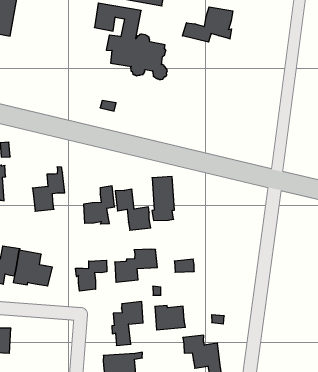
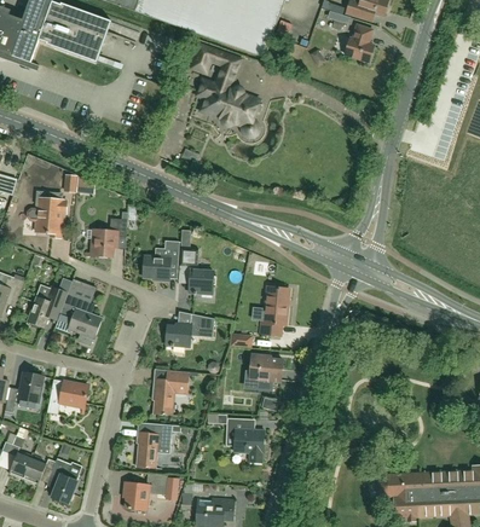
building: [182,7,233,42] -> none
building: [152,177,174,220] -> [260,285,288,334]
building: [76,260,107,291] -> none
building: [155,306,185,330] -> [248,353,281,381]
building: none -> [47,380,88,413]

